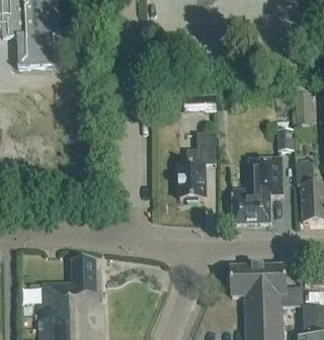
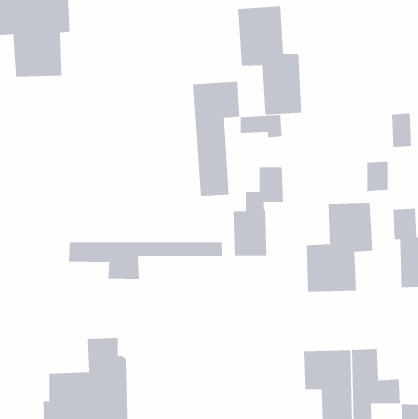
building: none -> [237,6,302,115]
building: none -> [193,81,240,197]
building: none -> [69,242,223,280]

